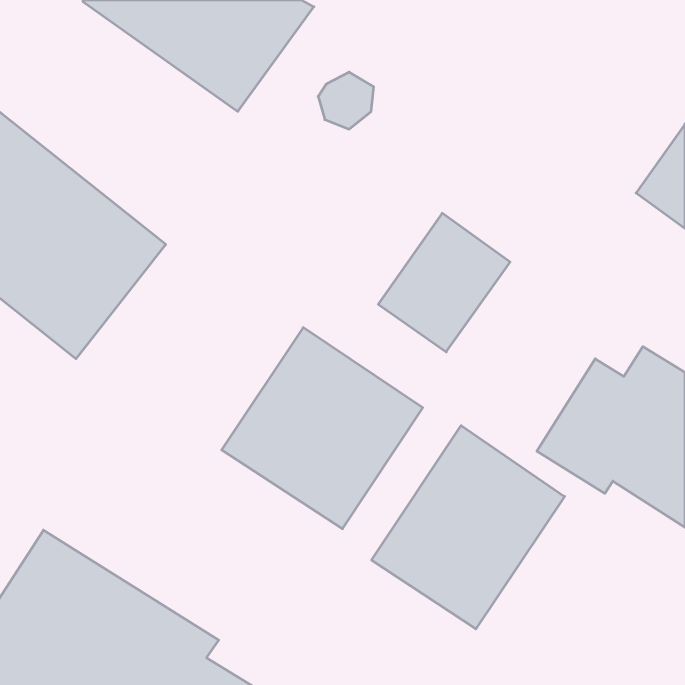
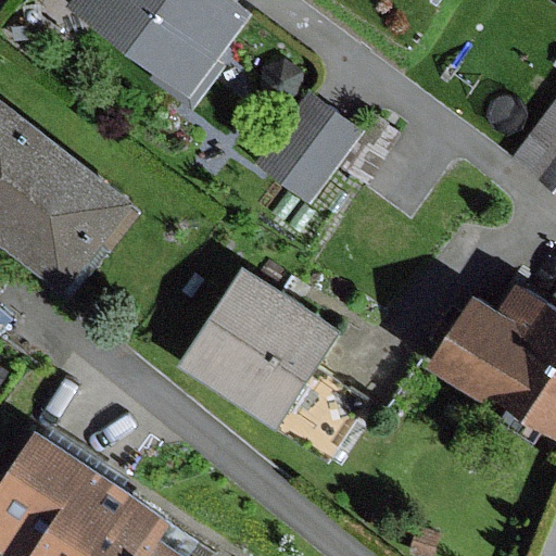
building: [378,213,510,352] -> [254,94,359,205]
building: [372,426,565,629] -> none

